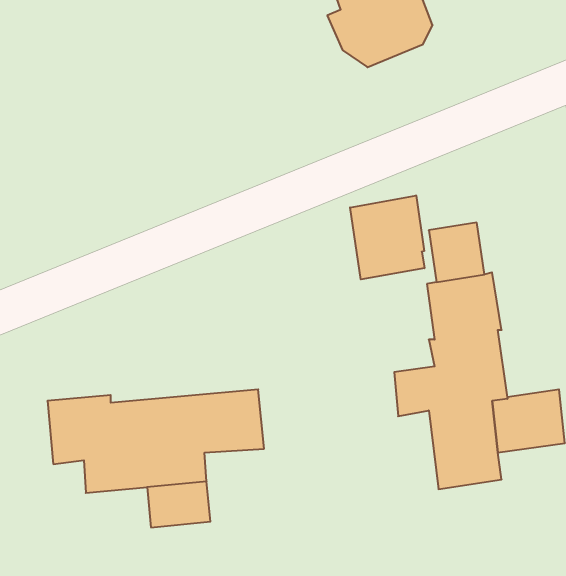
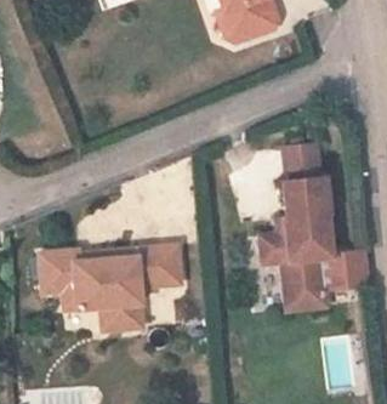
building: [350,195,424,279] -> none

